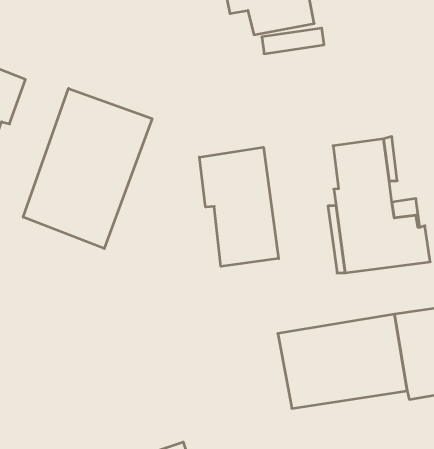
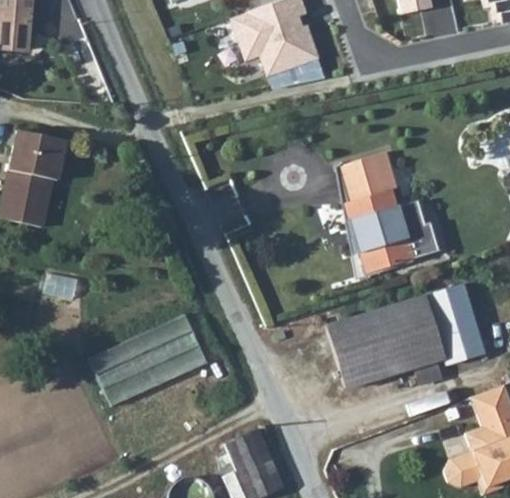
building: [23,88,152,249] -> none
building: [199,147,279,266] -> none
building: none -> [90,316,209,405]

